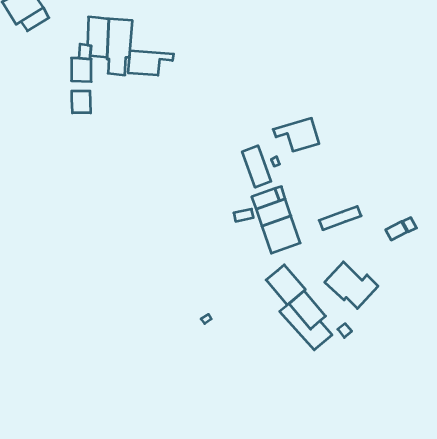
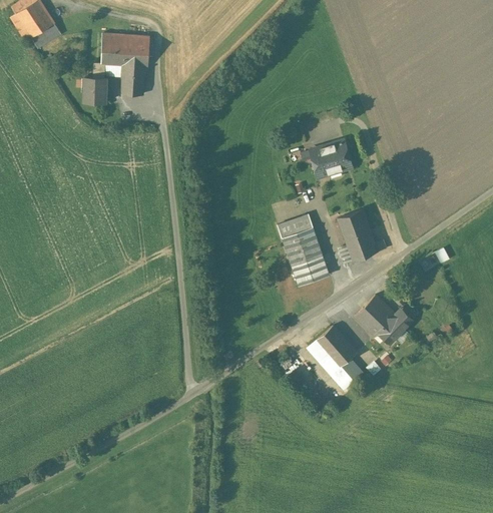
building: [128,51,174,75] -> none
building: [72,91,91,113] -> none
building: [242,146,271,187] -> none
building: none -> [338,209,374,250]
building: [266,265,305,305] -> none

